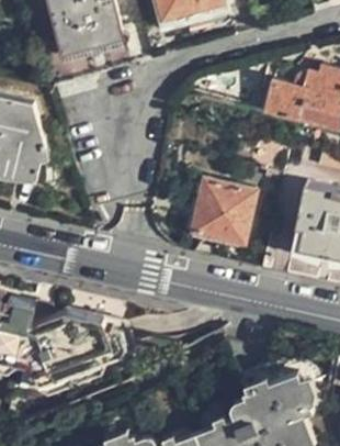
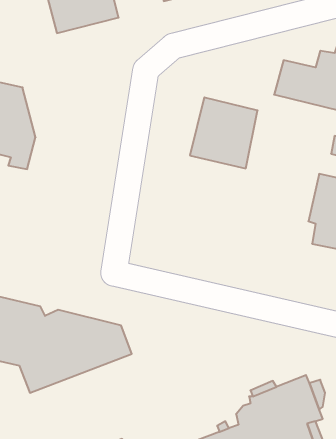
building: [191,179,253,245] -> [190,97,258,168]

